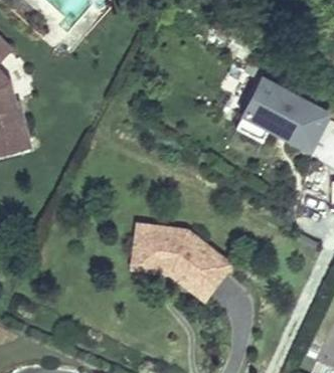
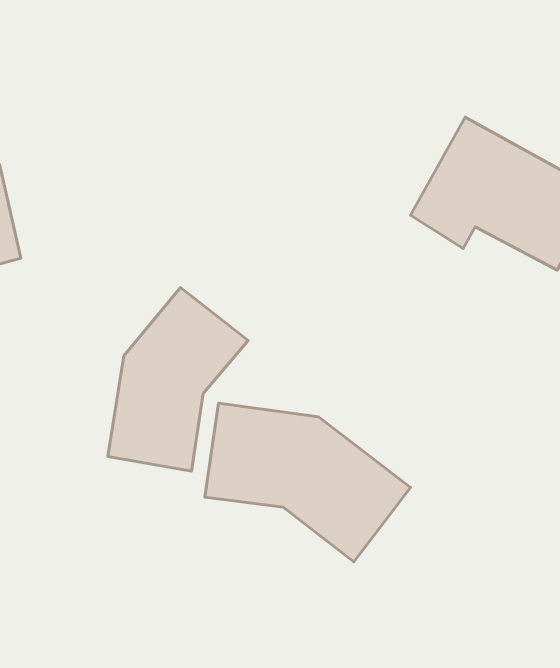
building: none -> [108,287,248,471]

